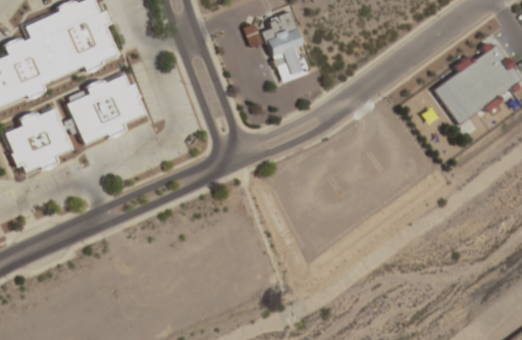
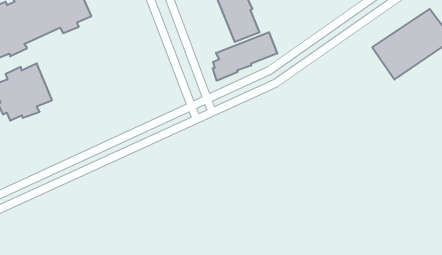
building: none -> [213,32,277,81]
building: [65,74,144,144] -> none

